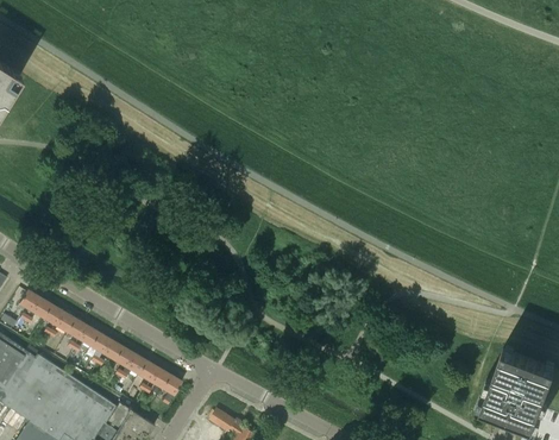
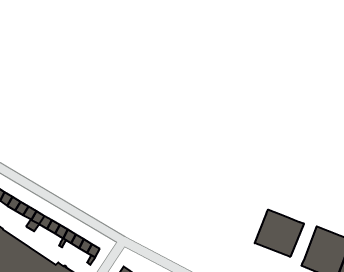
building: none -> [255,210,304,257]

